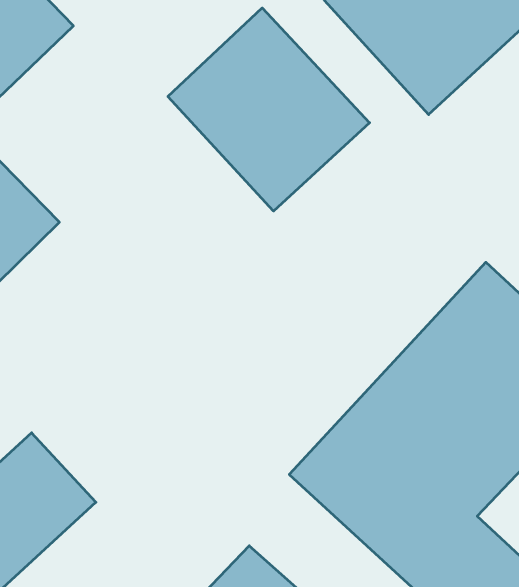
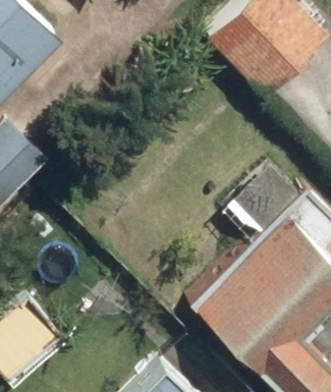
building: [168,8,370,211] -> none

